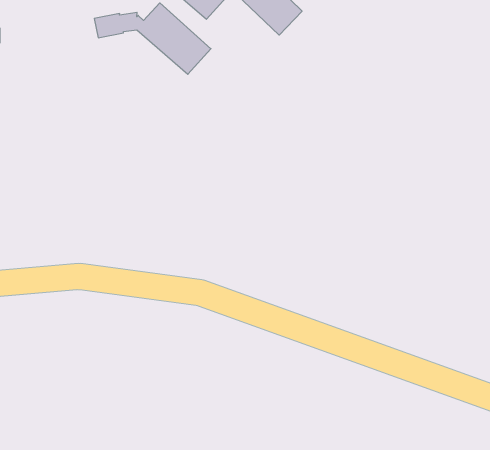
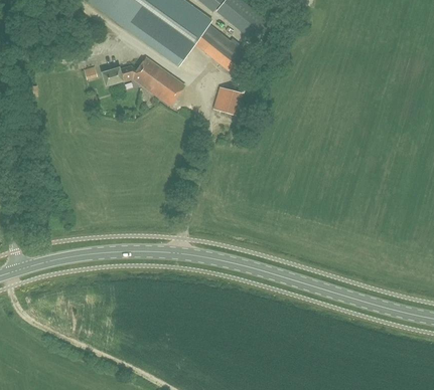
building: none -> [213,87,245,116]

